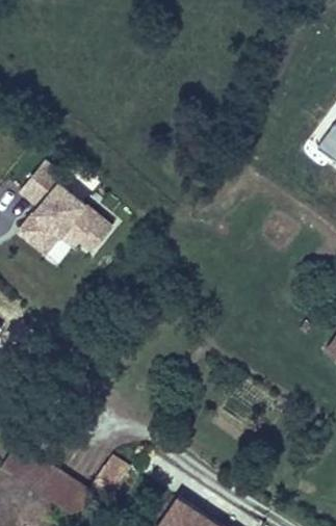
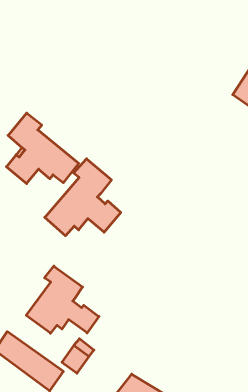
building: none -> [45,159,121,236]
building: none -> [26,266,99,333]

